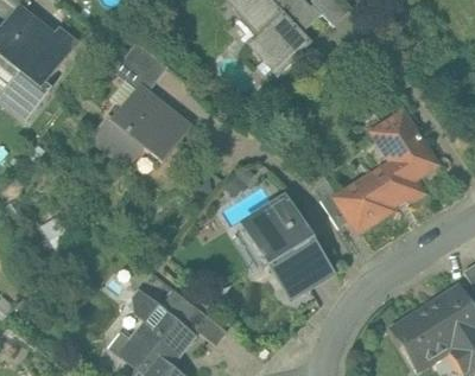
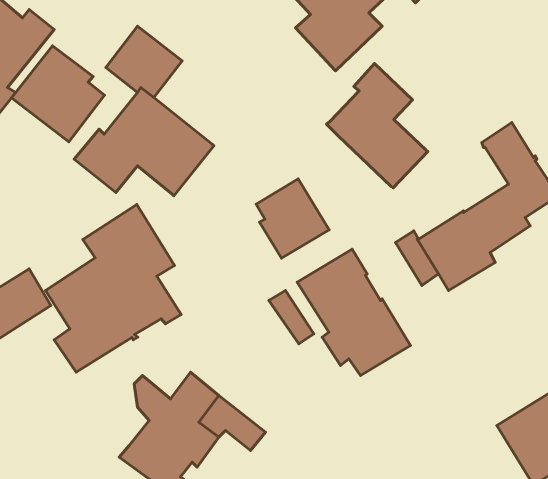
building: none -> [12,46,105,142]
building: none -> [327,64,428,188]
building: none -> [256,179,329,258]
building: none -> [46,205,181,372]

